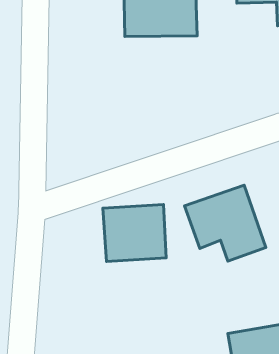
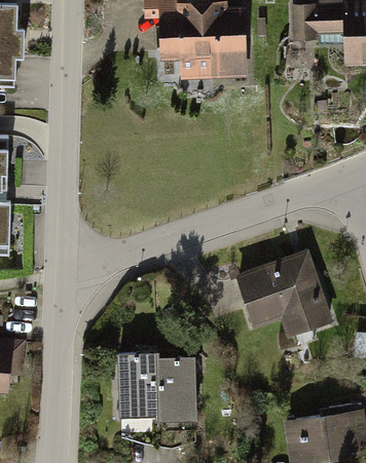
building: [103,204,166,261] -> [125,355,197,420]

